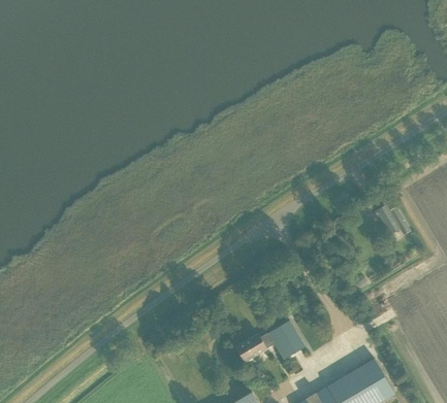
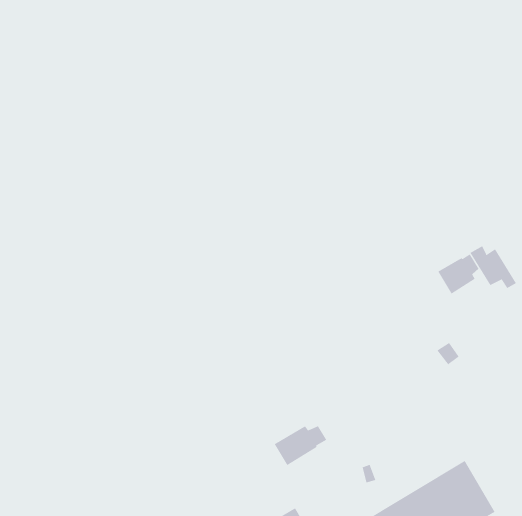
building: none -> [437,253,479,294]
building: [267,320,304,358] -> none

